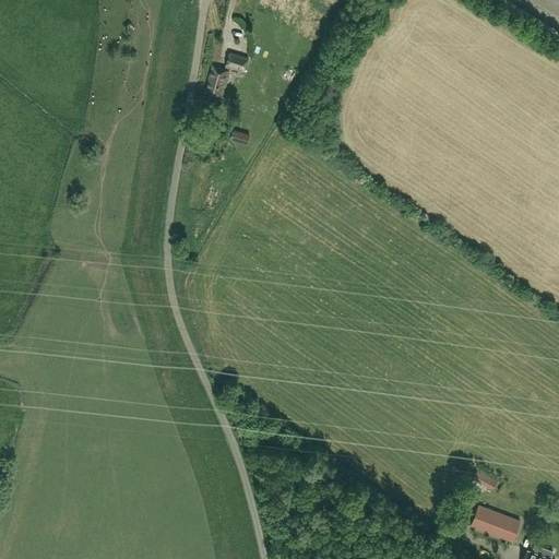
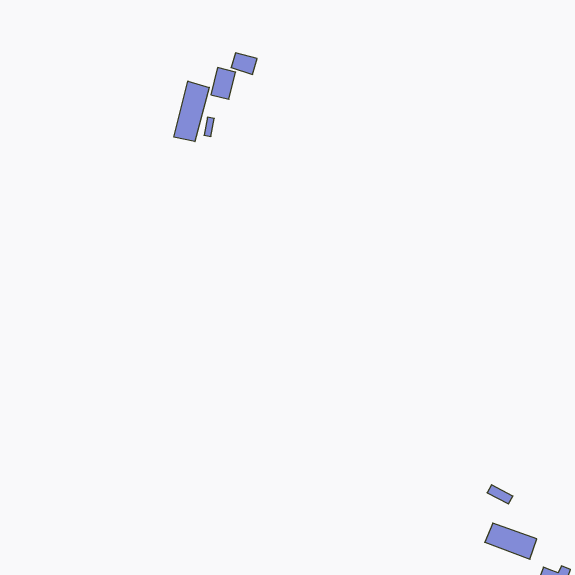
building: none -> [174,81,209,142]

